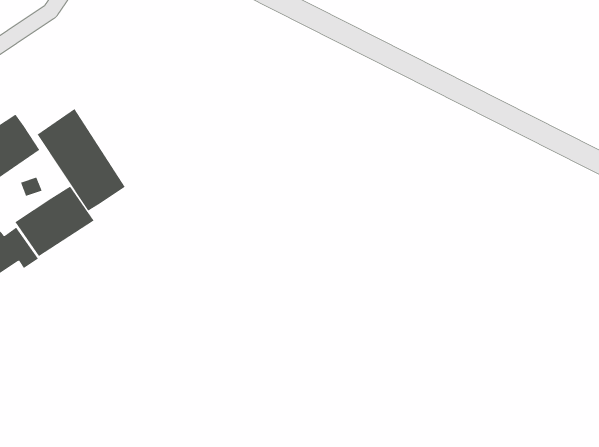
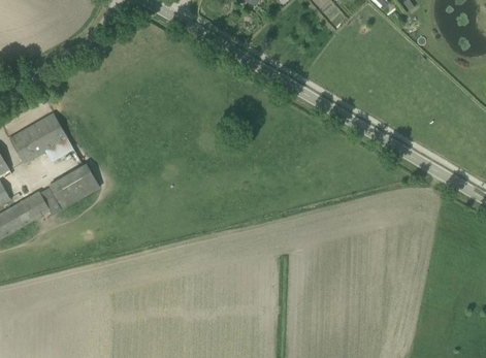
building: [37,108,125,211] -> none

